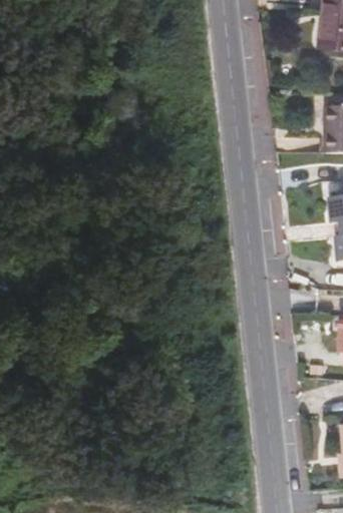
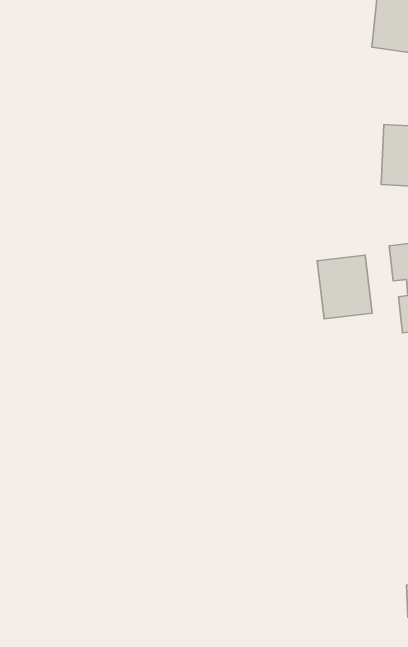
building: none -> [317,255,372,319]

